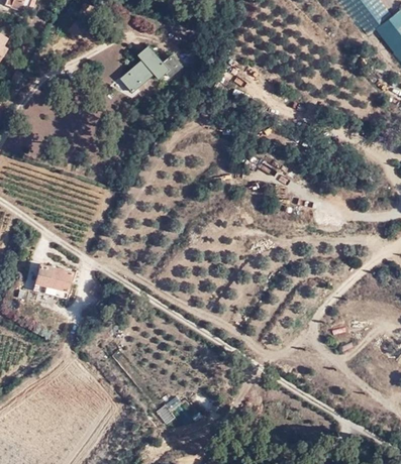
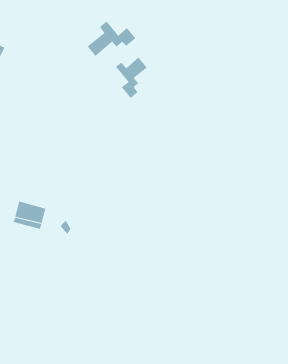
building: none -> [115,57,147,99]

